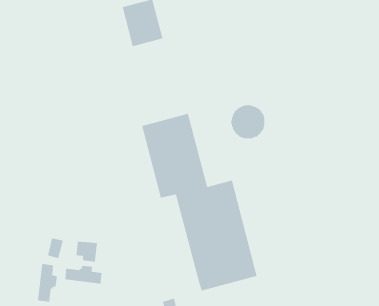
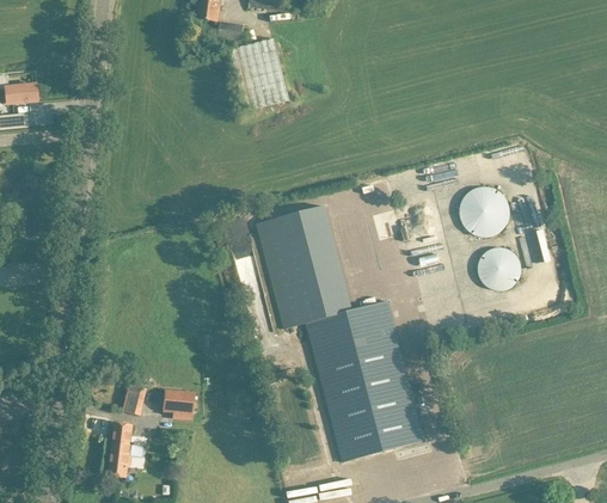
building: [230,104,265,139] -> [459,186,509,237]
building: none -> [477,247,521,290]
building: [64,265,102,285] -> none

